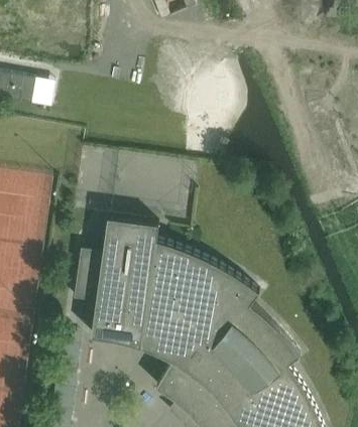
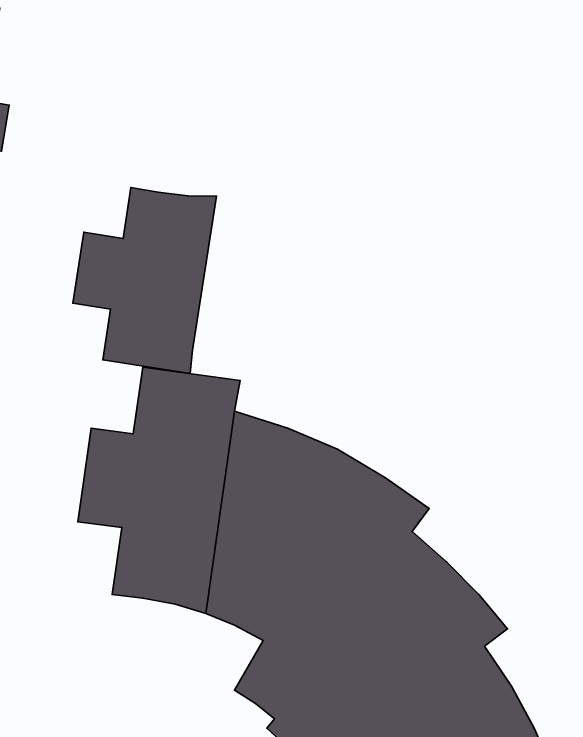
building: none -> [73,188,216,374]

